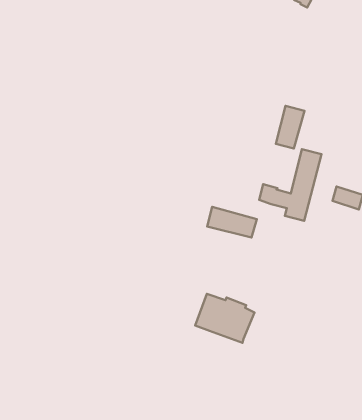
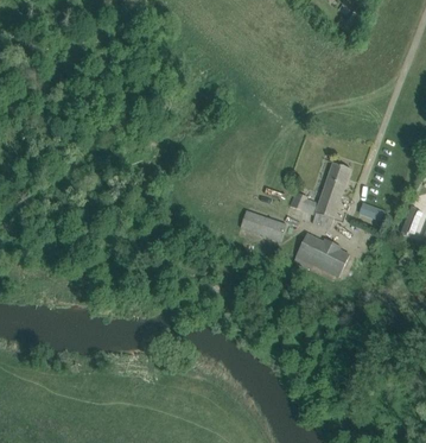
building: [276,106,305,148] -> none
building: [195,294,254,343] -> [293,233,349,280]

